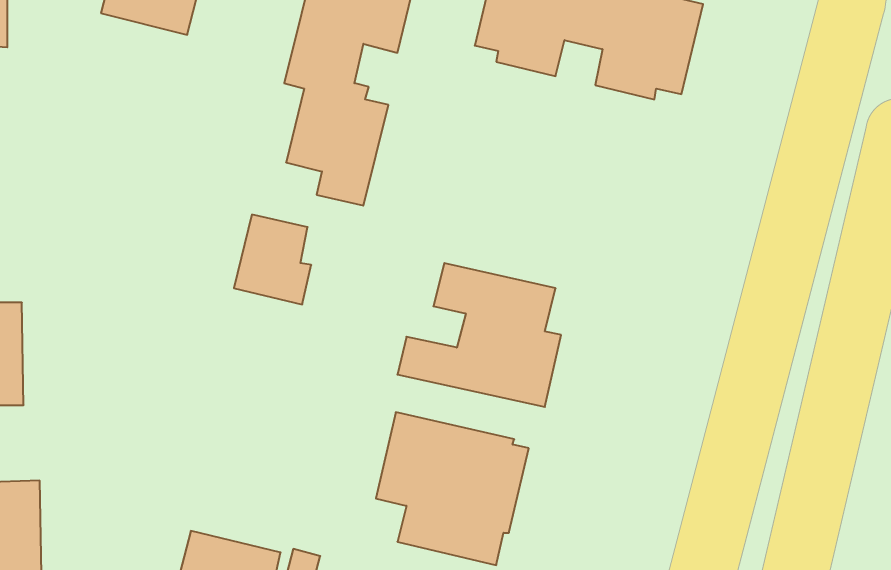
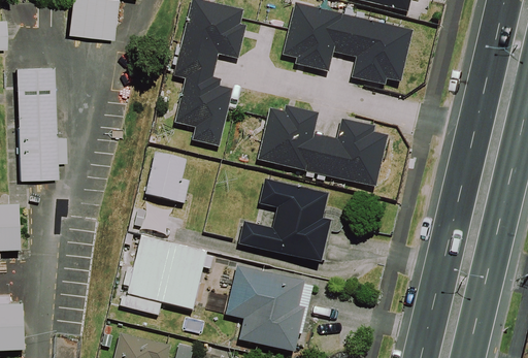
building: none -> [20,69,64,178]
building: none -> [256,103,388,187]
building: none -> [118,235,211,315]

